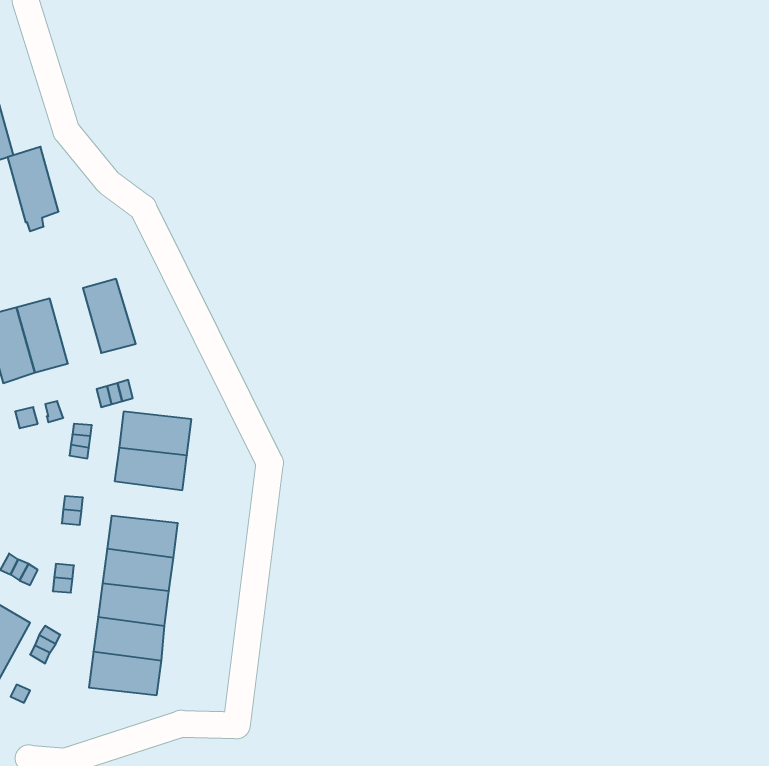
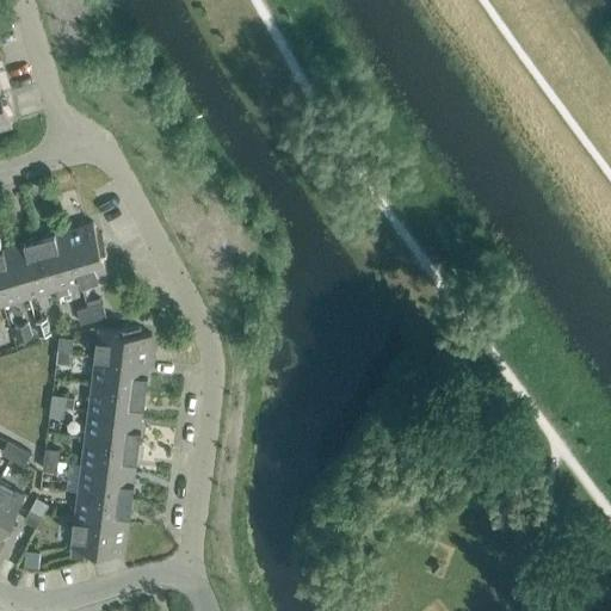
building: [7,147,59,231] -> [39,232,80,298]
building: none -> [88,384,144,418]

